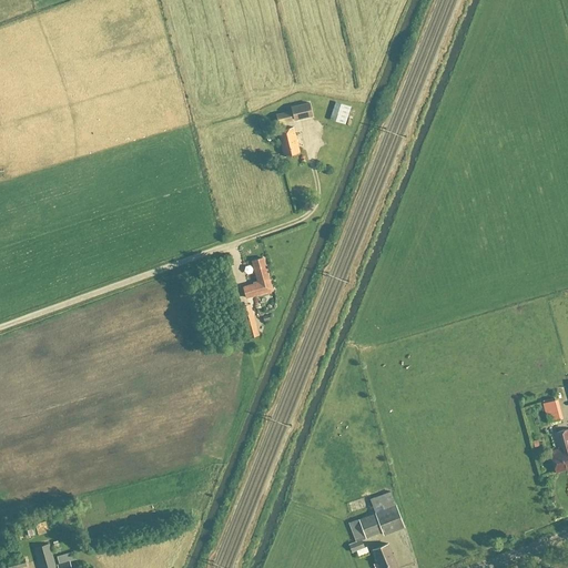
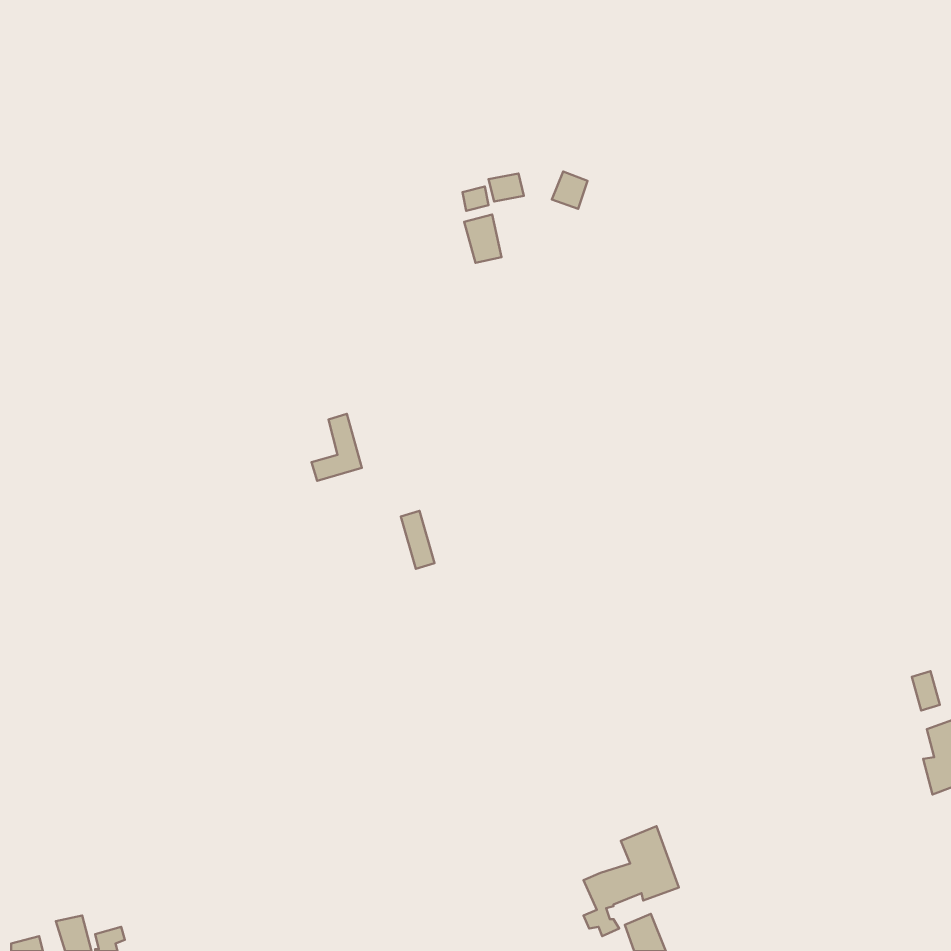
building: [243,258,273,298] -> [312,414,362,481]

